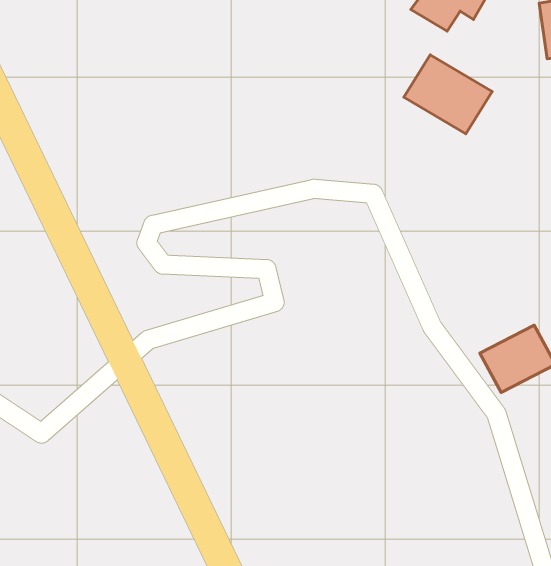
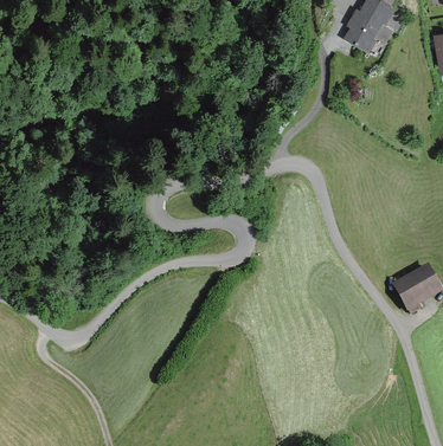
building: [404,55,492,134] -> none

